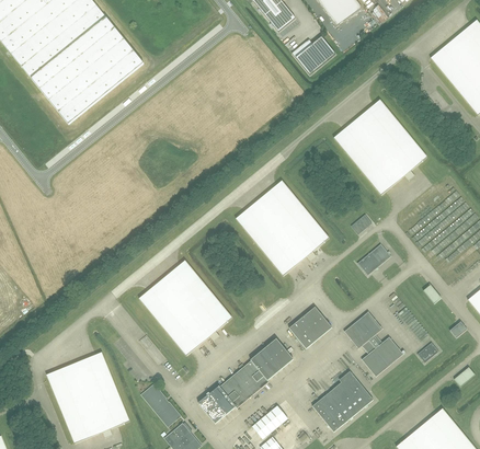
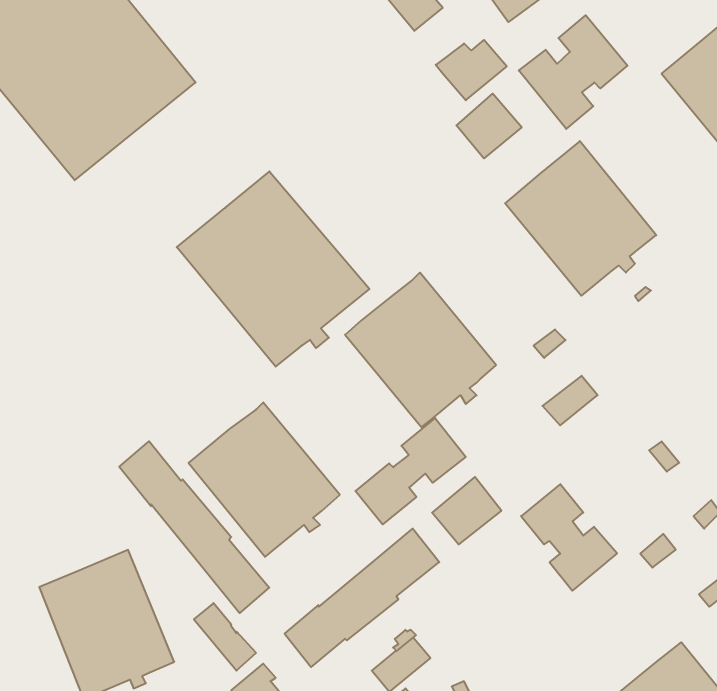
building: none -> [519,15,627,129]
building: none -> [456,94,522,158]
building: none -> [177,171,369,367]
building: none -> [355,418,466,524]
building: none -> [119,441,269,613]
building: [312,372,374,430] -> none

